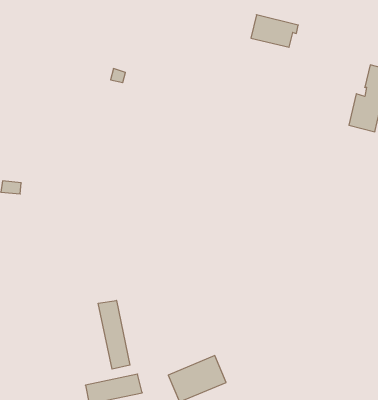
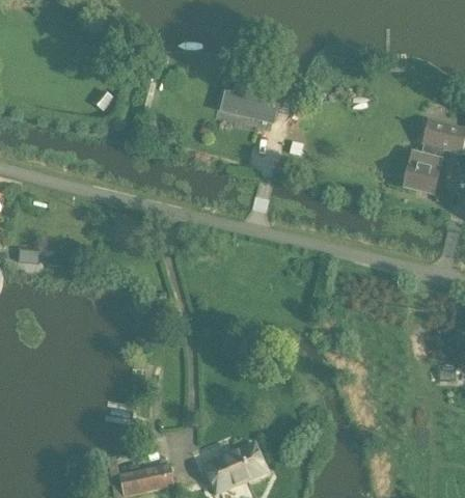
building: [251,15,298,47] -> [229,85,282,121]
building: [98,300,130,369] -> none

